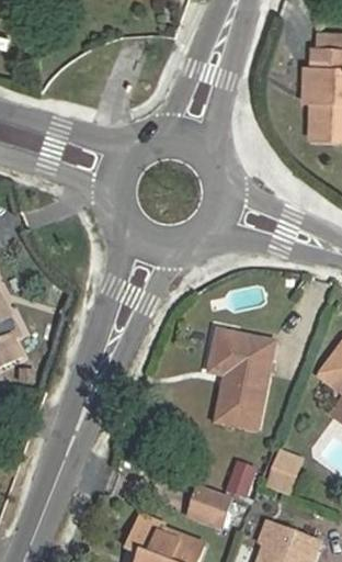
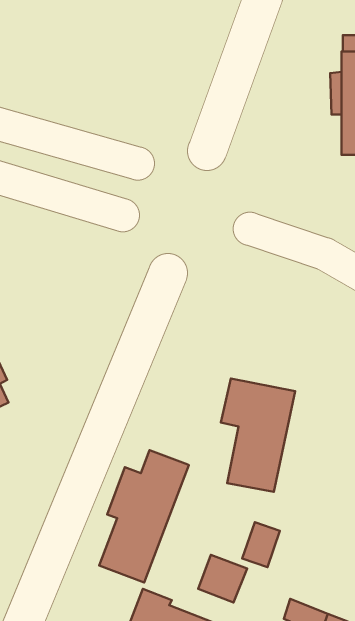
building: none -> [99,450,189,583]
building: [263,446,305,495] -> none

